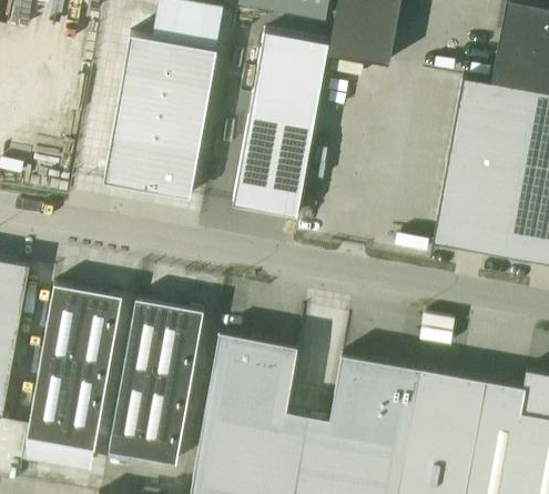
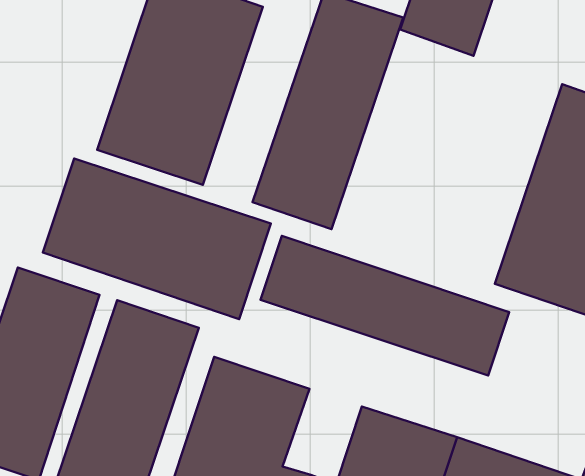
building: none -> [43,159,271,319]
building: none -> [260,236,509,375]

